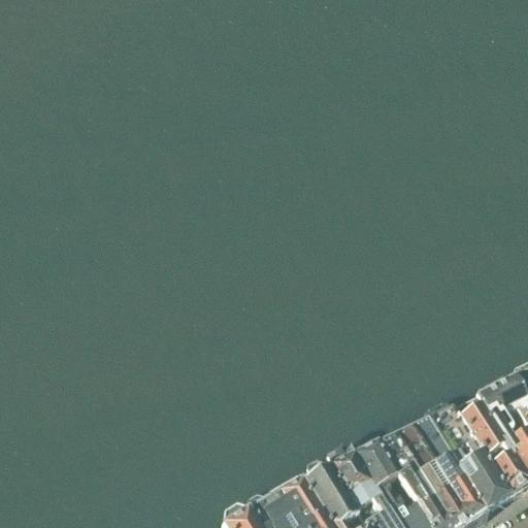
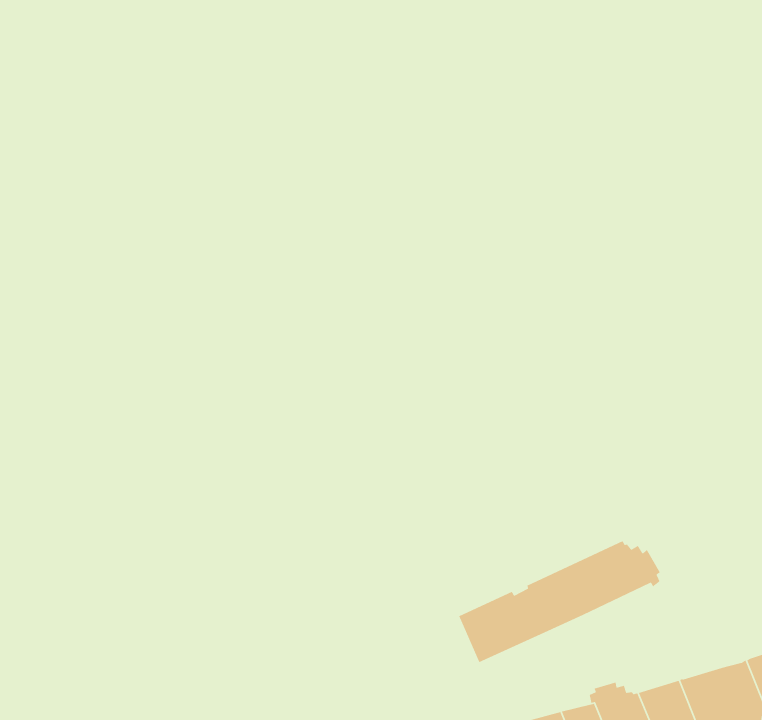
building: none -> [458,540,661,663]

